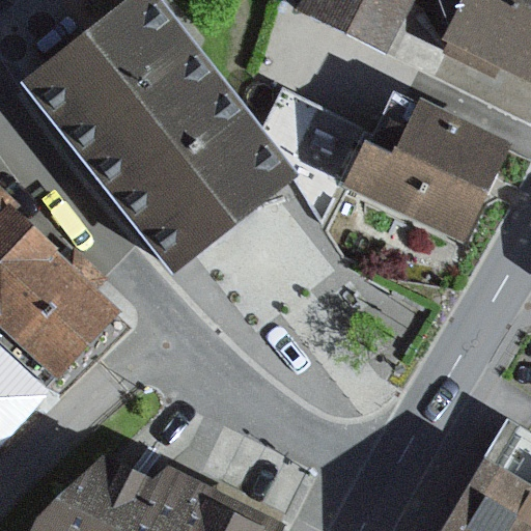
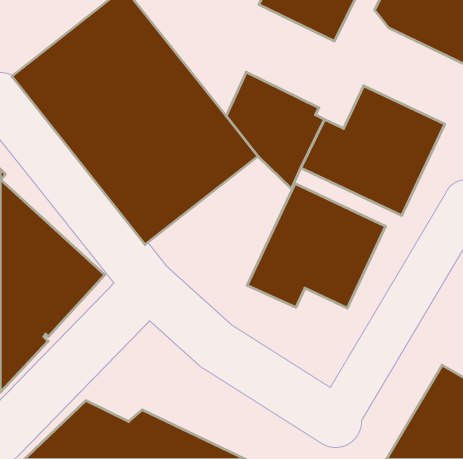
building: none -> [247,184,386,308]

